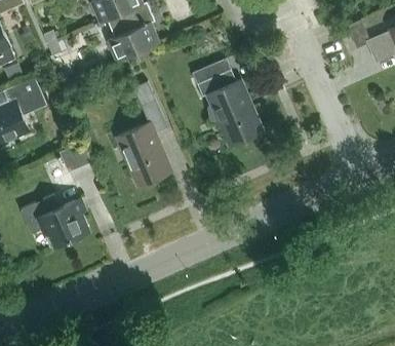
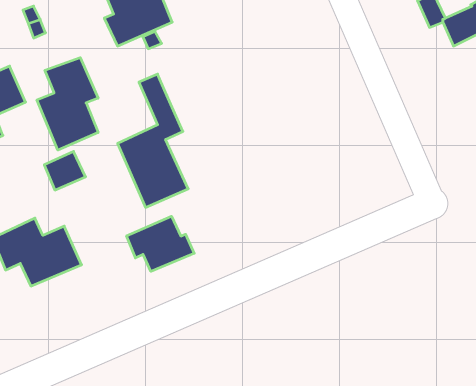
building: [193,62,261,146] -> none
building: none -> [37,58,98,150]
building: none -> [127,216,194,271]

